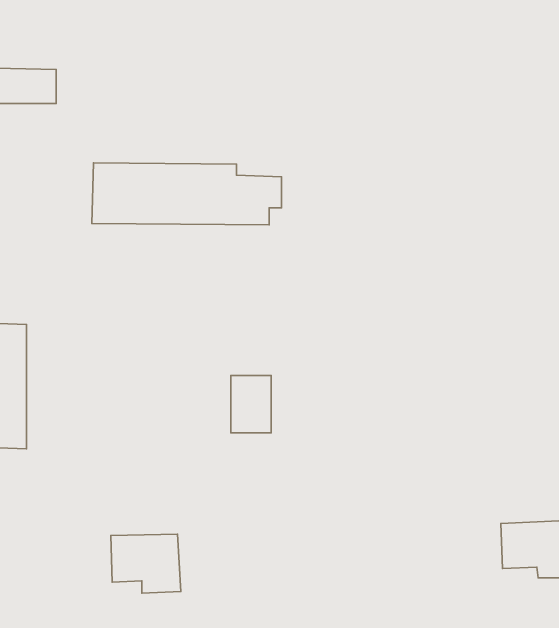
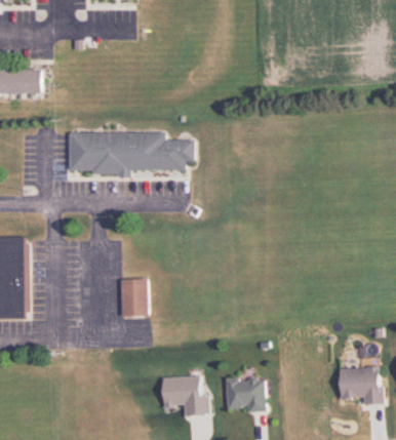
building: [231,375,271,433] -> [121,278,148,316]
building: [111,534,181,593] -> [162,376,208,415]
building: none -> [225,377,266,411]

